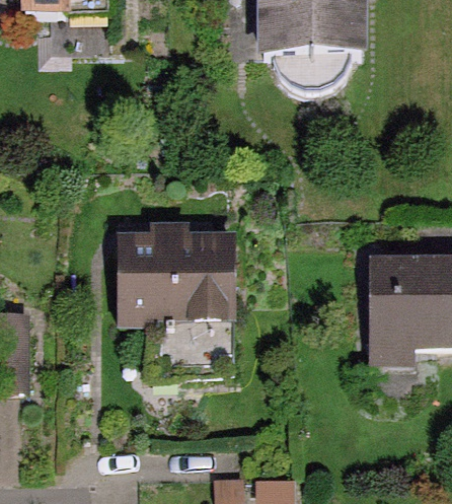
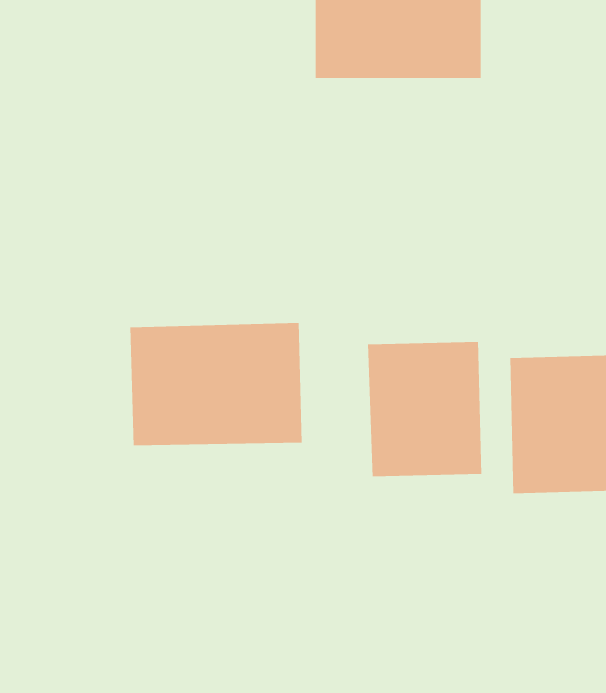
building: none -> [367,341,482,477]

